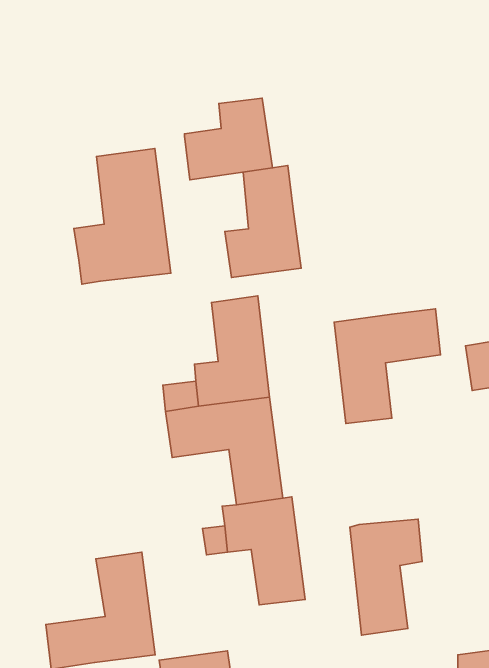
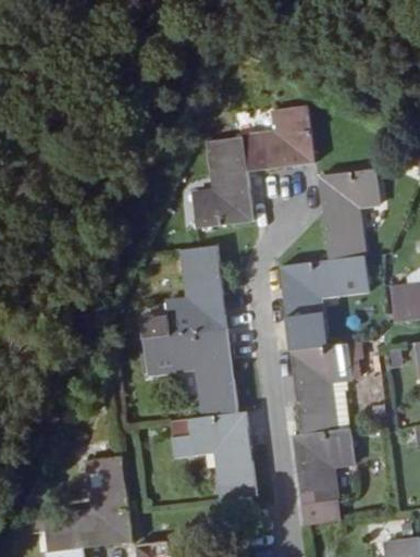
building: [184,98,273,180] -> [243,106,316,173]
building: [74,148,171,284] -> none
building: none -> [317,169,382,260]
building: none -> [291,344,353,434]

